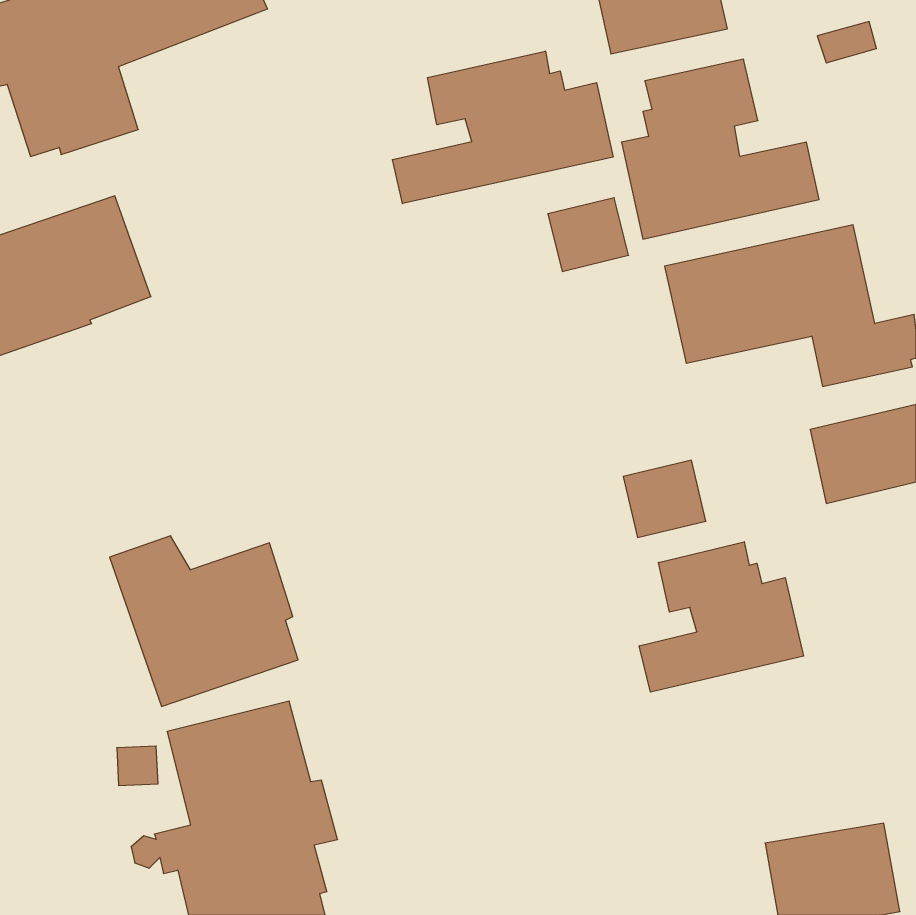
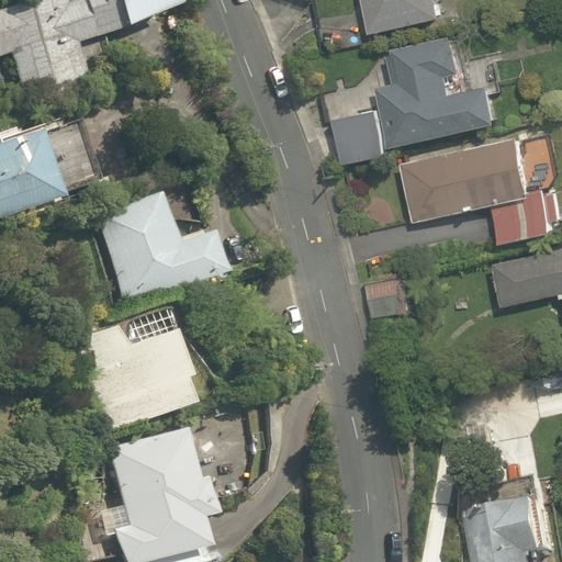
building: [392,51,613,204] -> none
building: none -> [90,192,216,305]
building: [639,542,804,692] -> none

